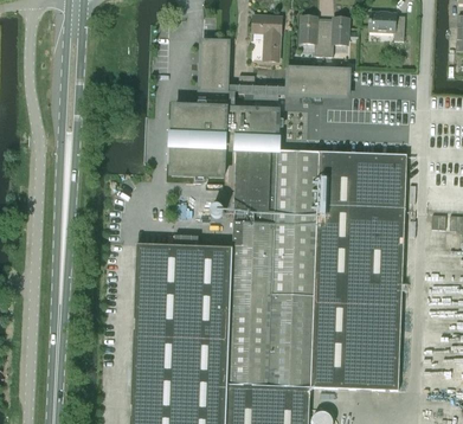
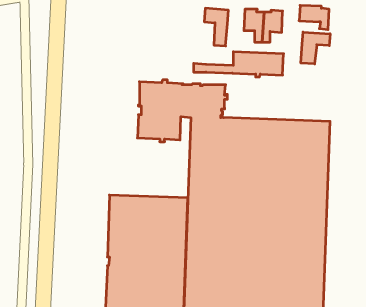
building: [198,40,229,90] -> none
building: none -> [301,32,330,64]

